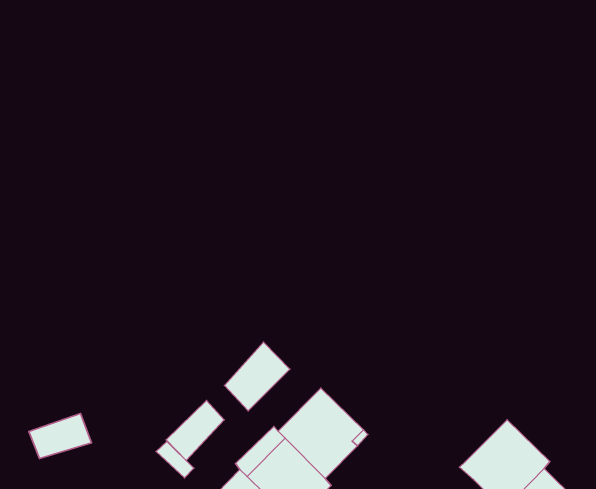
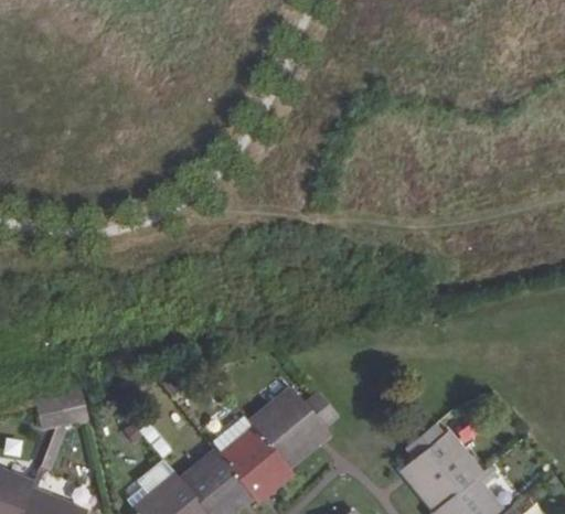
building: [224,342,290,411] -> none
building: [166,400,224,460] -> none

